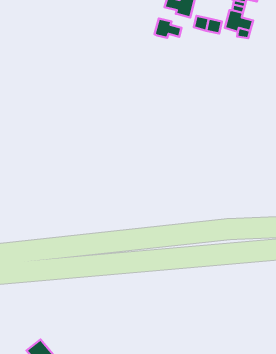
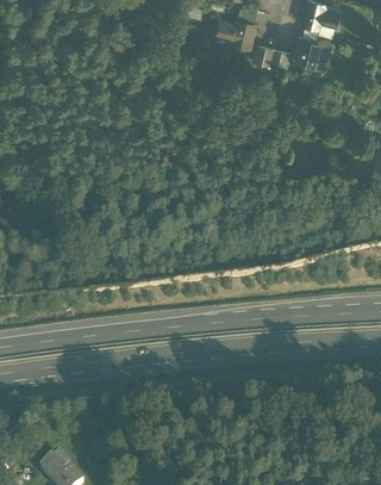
building: [155,19,181,38] -> none

